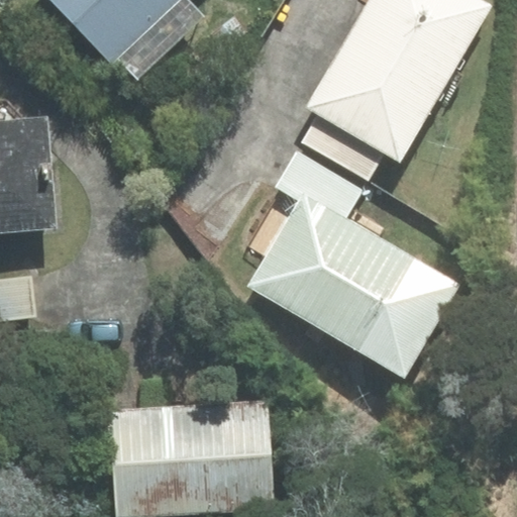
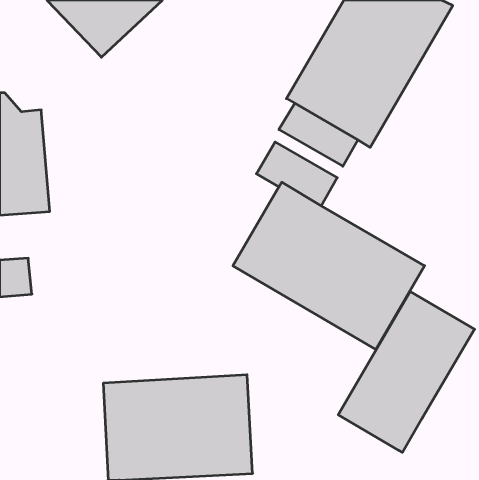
building: none -> [338,292,475,452]

